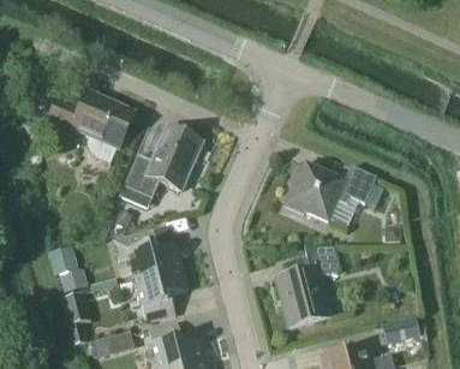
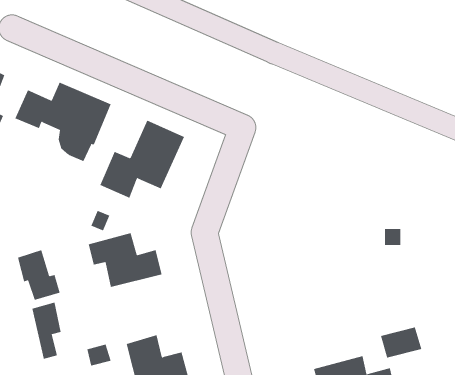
building: [283,162,384,221] -> none
building: [277,245,341,327] -> none
building: [135,268,189,322] -> none

